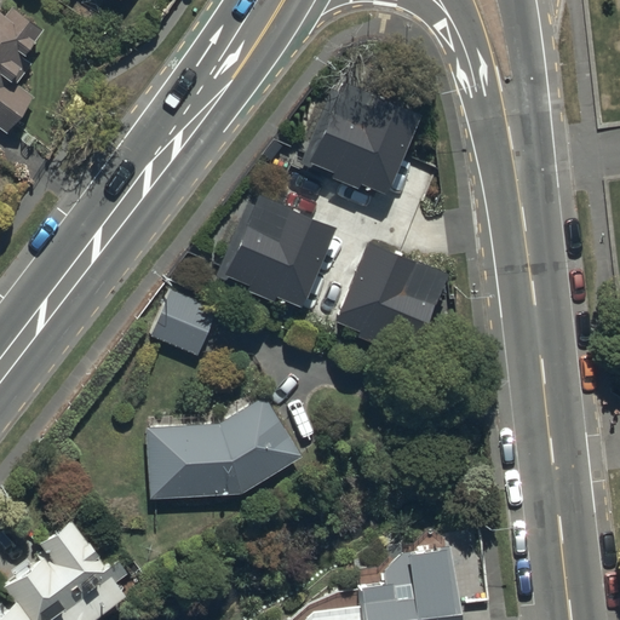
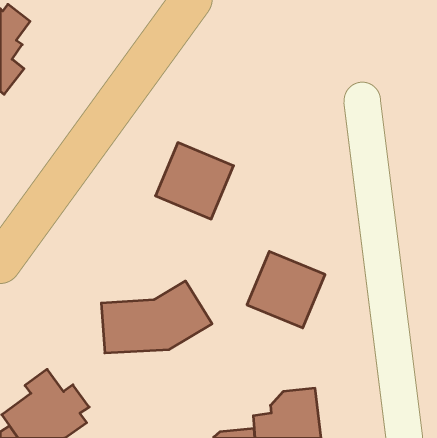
building: [305,90,415,197] -> none
building: [338,249,448,357] -> [247,251,325,328]
building: [150,288,217,355] -> none

